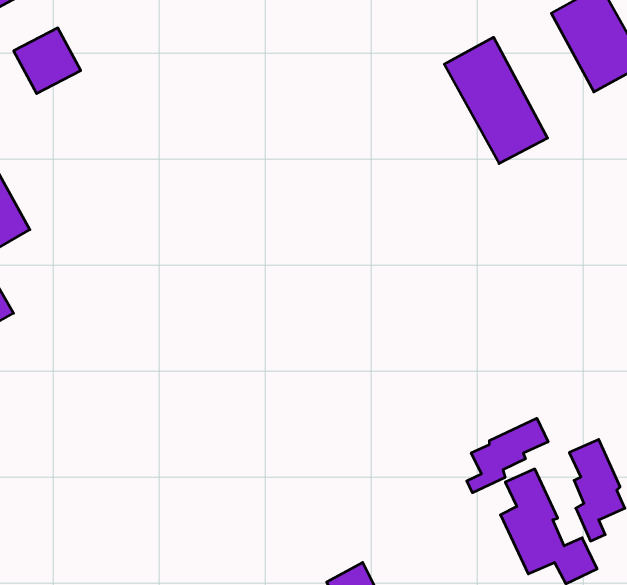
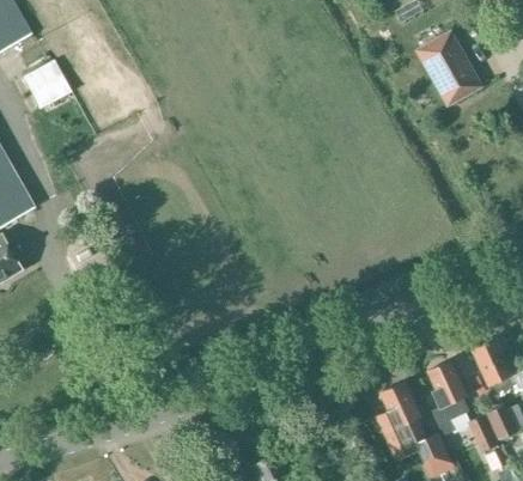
building: [444,37,548,164] -> none
building: [467,418,548,493] -> none

